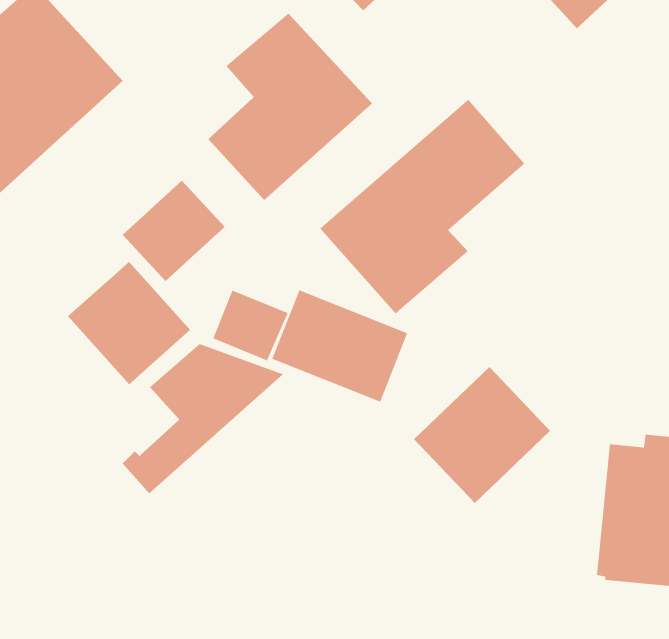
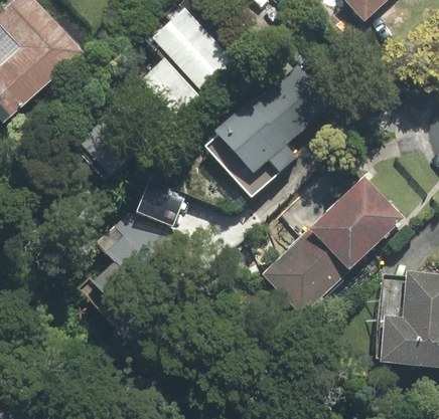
building: [67,261,191,385] -> none
building: none -> [309,178,401,268]
building: [272,289,408,403] -> none

